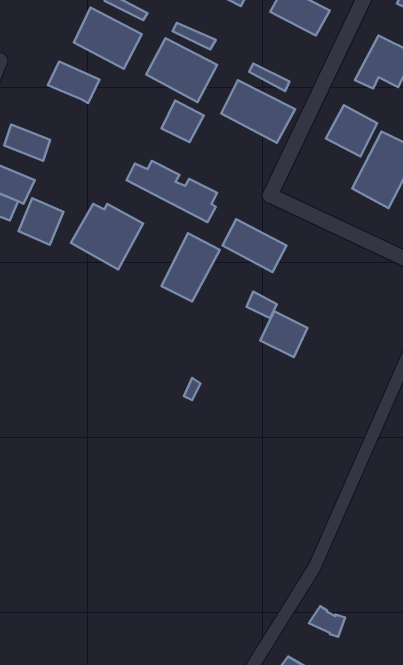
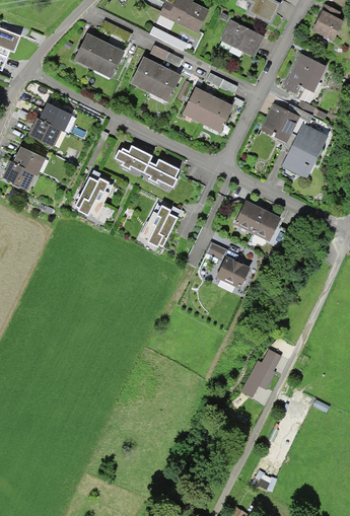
building: [48,61,99,103] -> [36,102,73,133]
building: [161,101,204,142] -> none
building: [18,198,63,245] -> none
building: [222,219,286,272] -> [236,202,283,240]
building: none -> [238,343,284,399]

